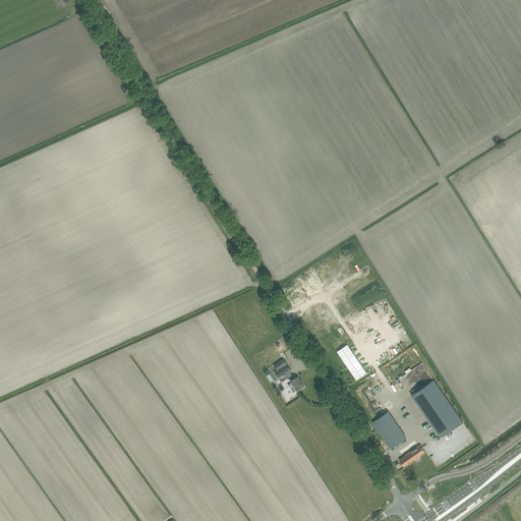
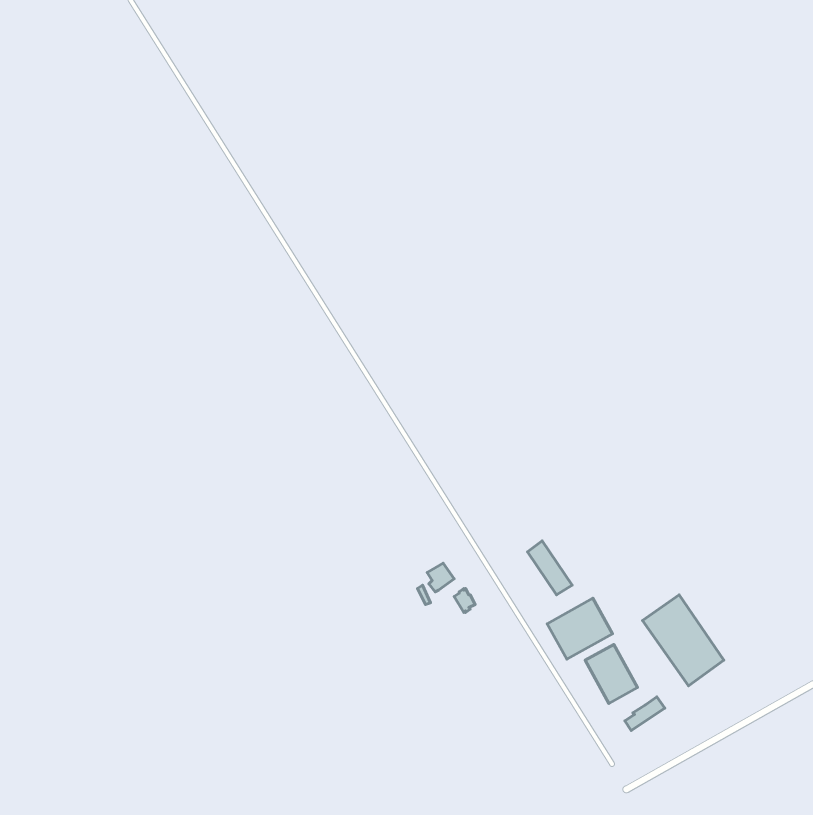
building: none -> [547,598,613,659]

